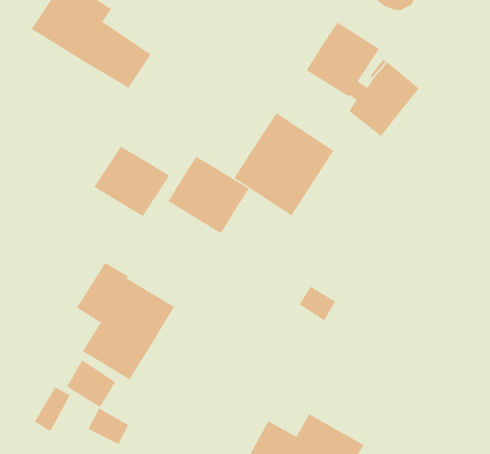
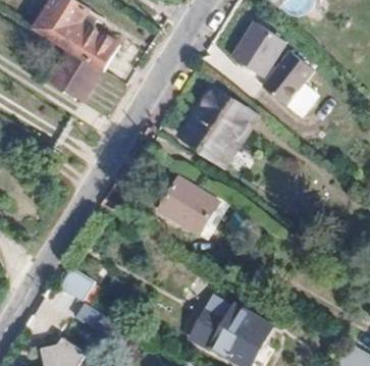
building: [94,146,170,217] -> [49,49,104,100]
building: [167,156,250,234] -> [159,177,218,233]
building: [76,262,175,380] -> none

